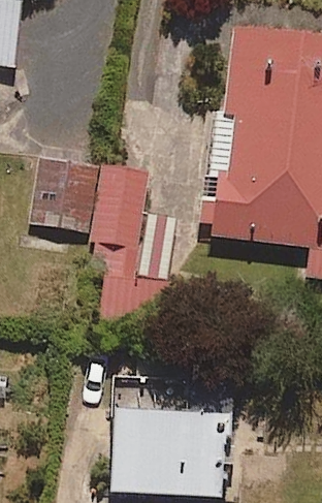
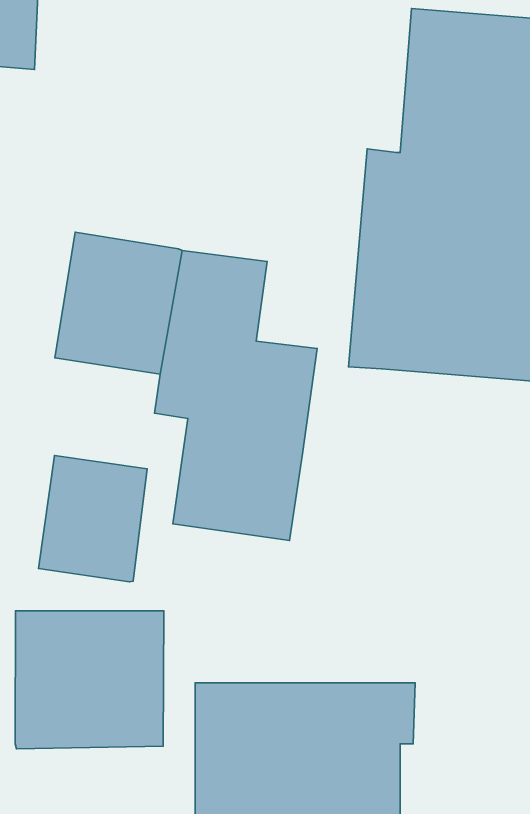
building: none -> [38,455,147,582]
building: none -> [15,611,164,749]

